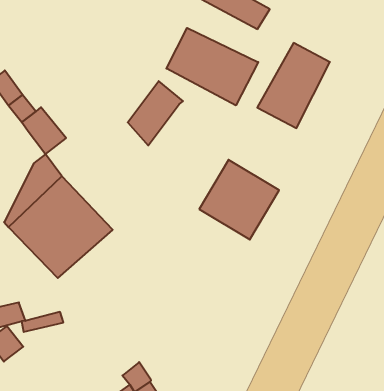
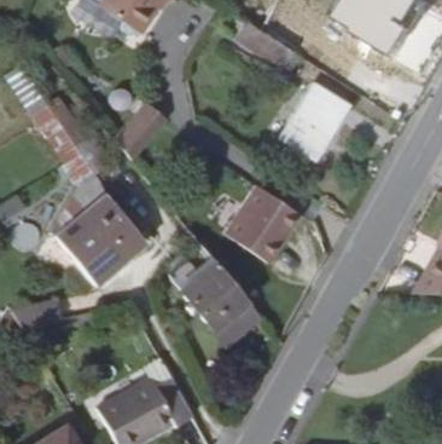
building: [166,28,258,105] -> none
building: [128,81,183,145] -> [115,102,165,158]
building: none -> [171,250,261,347]

